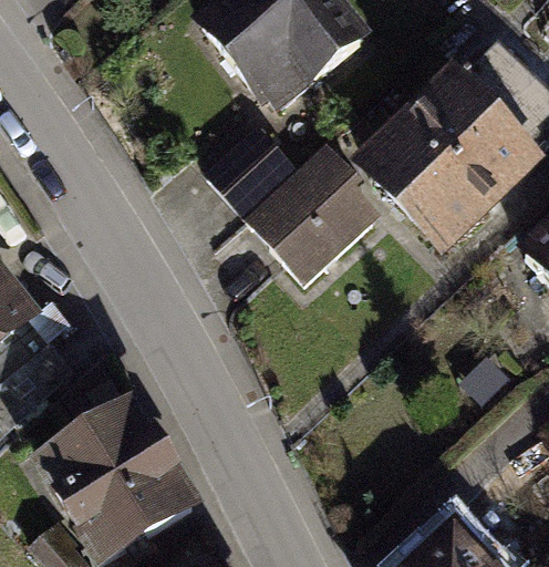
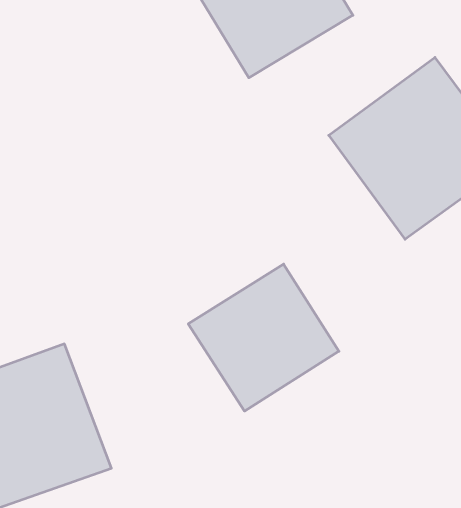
building: [205,127,379,284] -> none
building: none -> [188,264,339,411]

